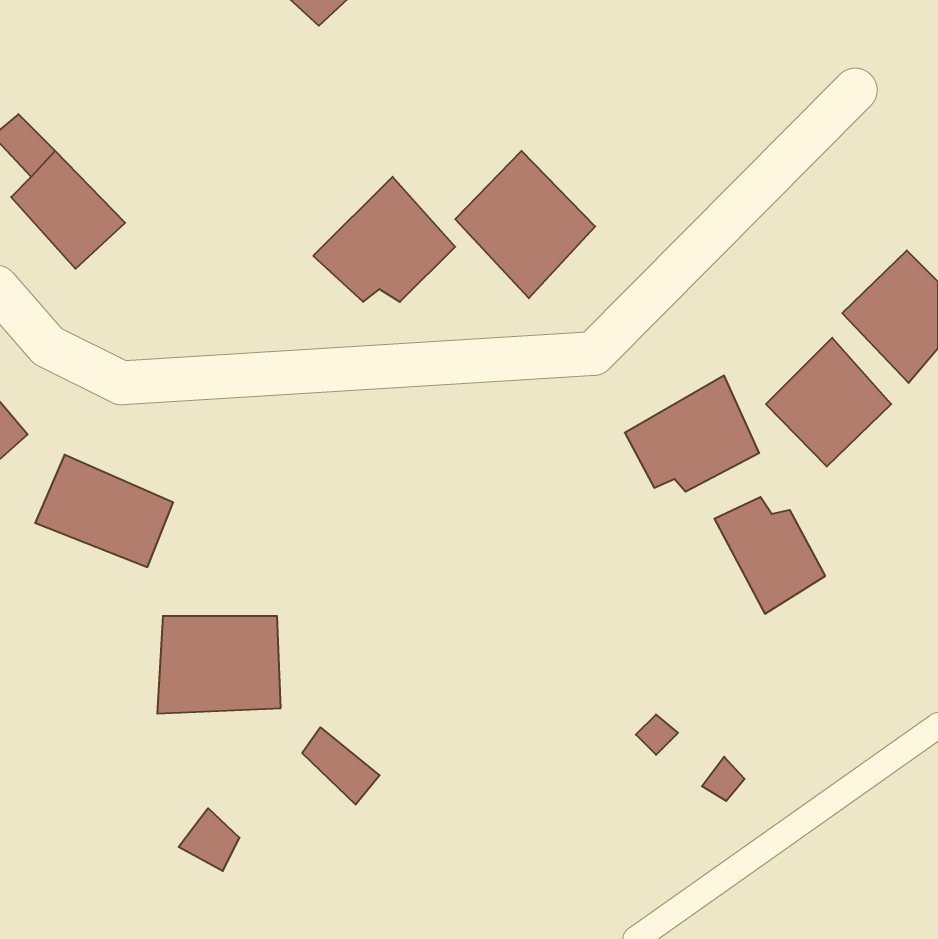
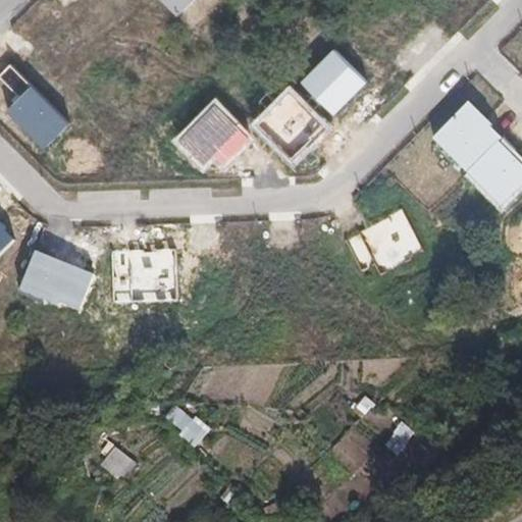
building: none -> [300,47,367,114]
building: [766,338,891,467] -> [432,102,502,173]
building: [714,497,825,614] -> none
building: [157,616,281,714] -> [109,251,177,305]

